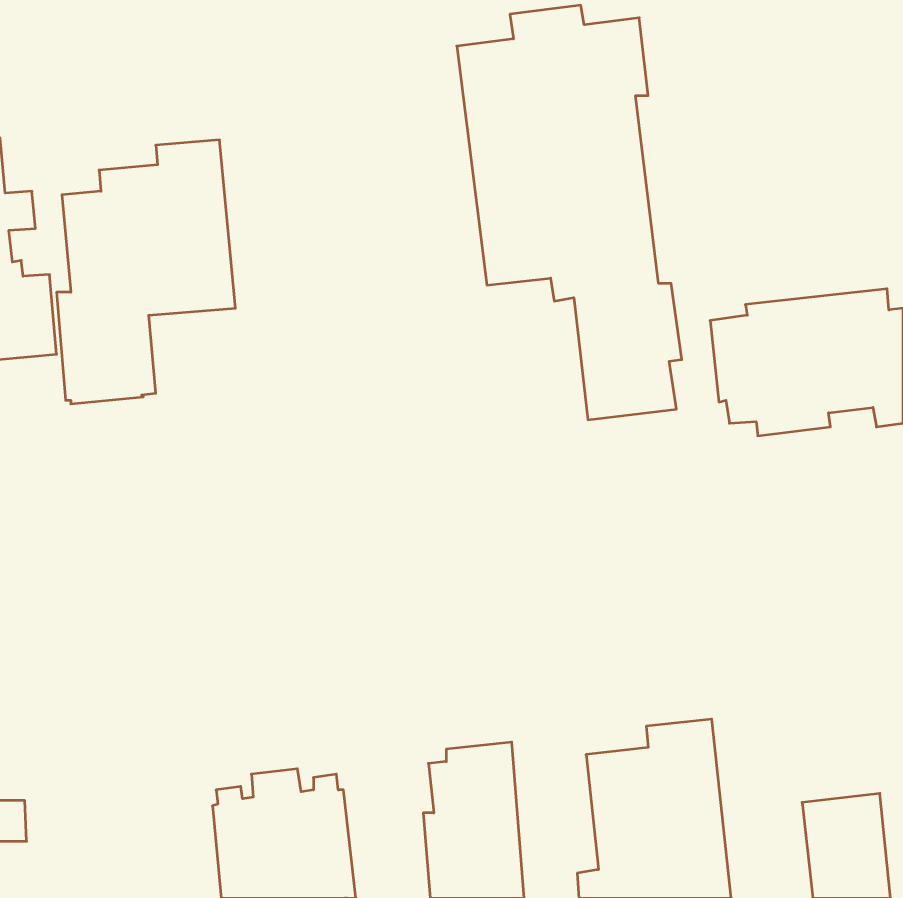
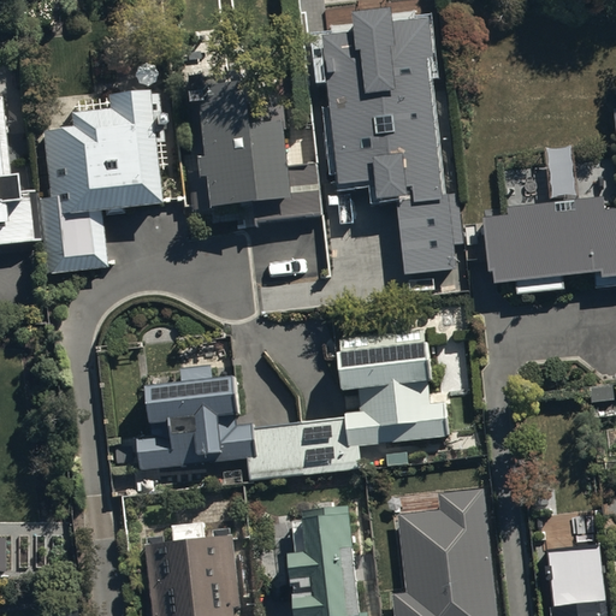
building: none -> [189,67,321,223]
building: none -> [134,340,450,482]

